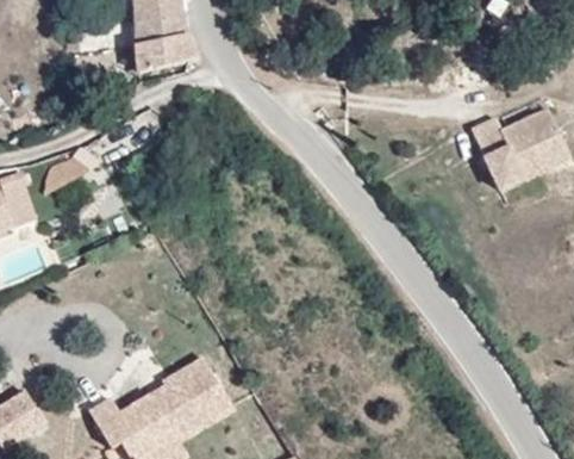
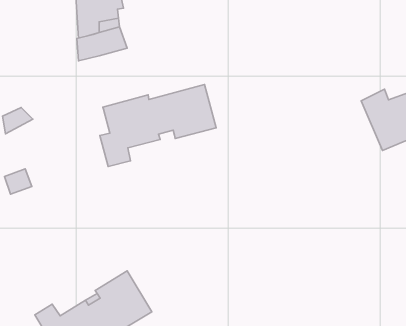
building: none -> [100,84,216,167]

